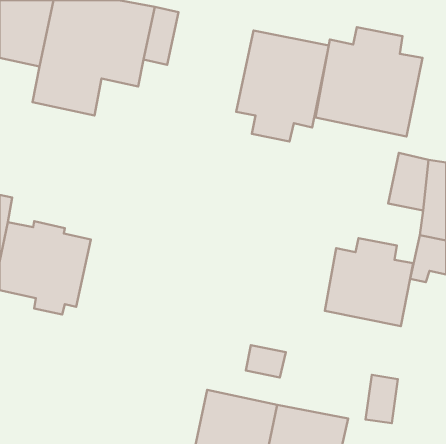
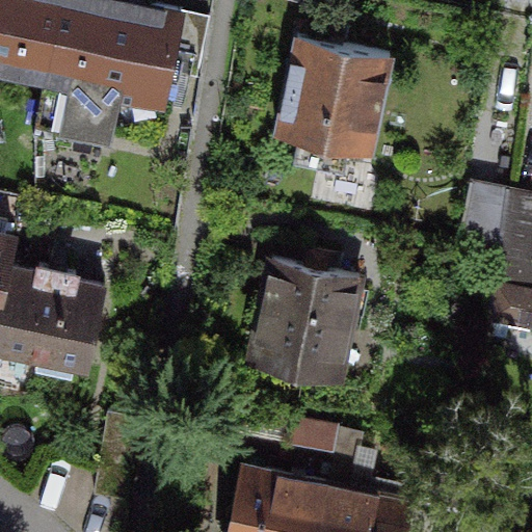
building: [315,27,422,136] -> none
building: none -> [255,259,361,370]
building: [325,238,413,326] -> none

